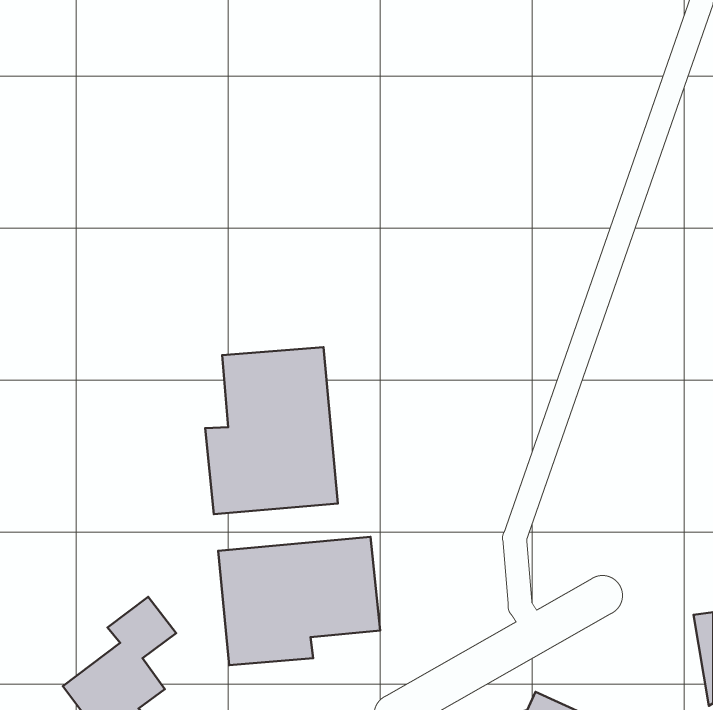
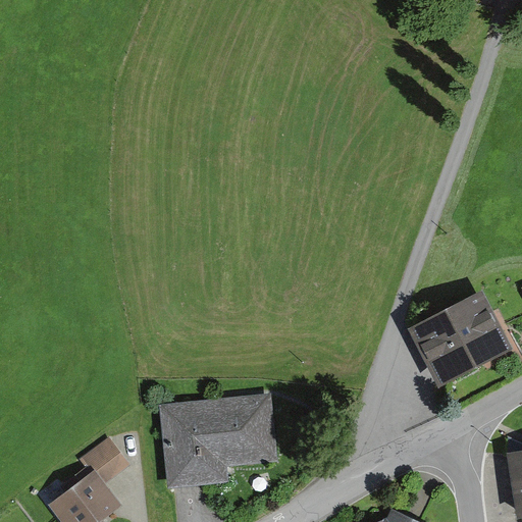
building: [205,347,338,514] -> none
building: none -> [408,289,512,385]

